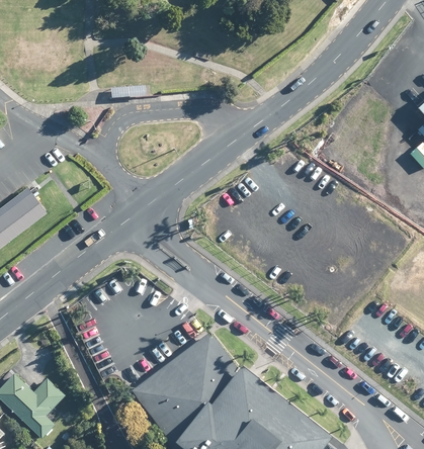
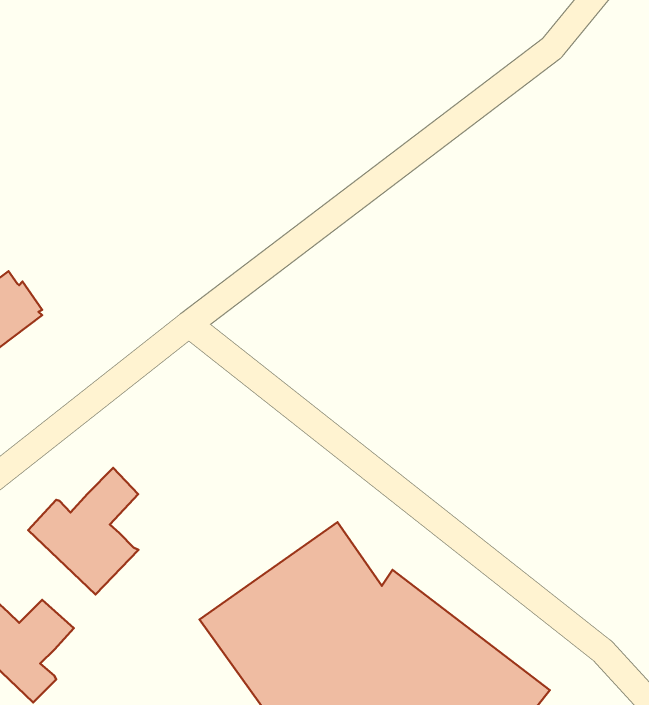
building: none -> [28,468,139,595]

